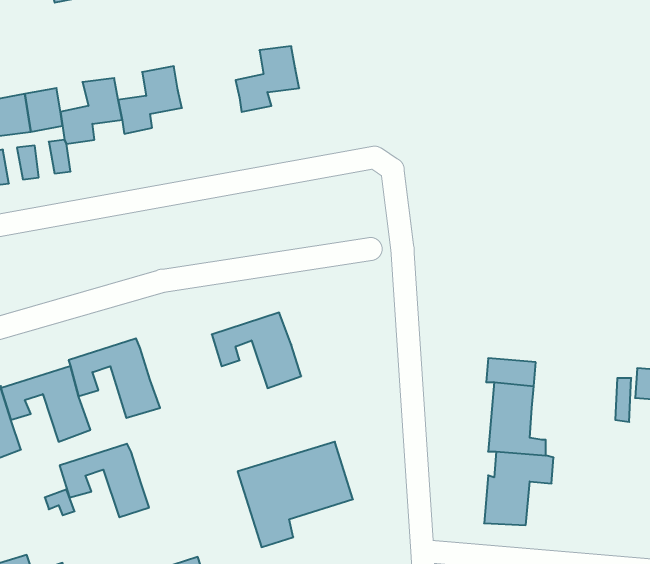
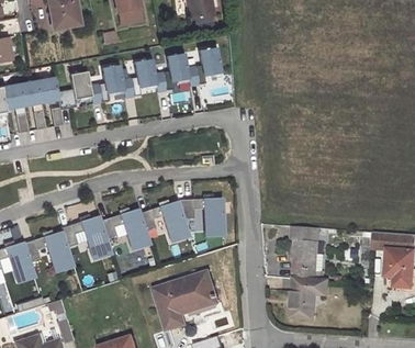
building: none -> [186,47,220,85]
building: none -> [121,59,155,96]
building: none -> [177,198,224,236]
building: [60,444,149,517] -> [100,209,149,249]

